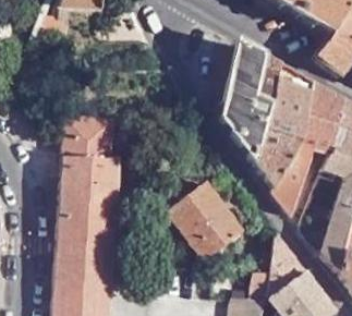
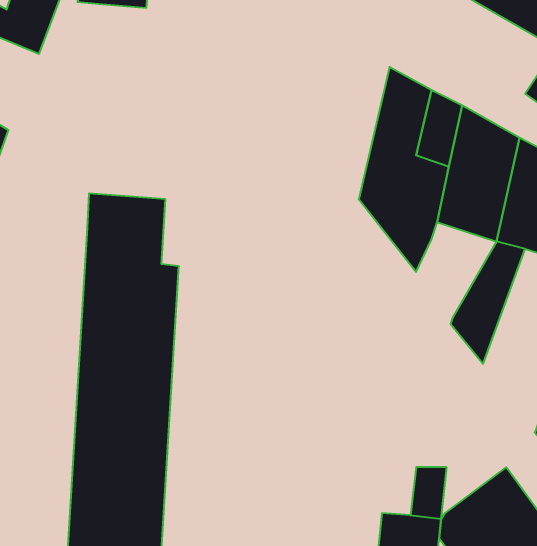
building: [253,131,299,185] -> none
building: [170,180,242,254] -> none
building: [267,230,304,300] -> none

